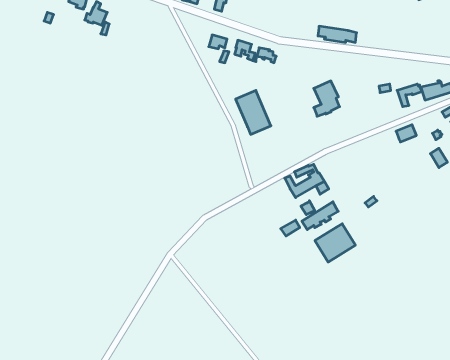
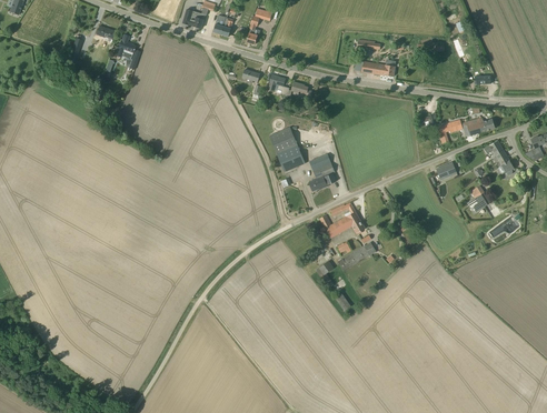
building: [314,81,340,116] -> [308,154,335,191]
building: [315,224,355,262] -> none

